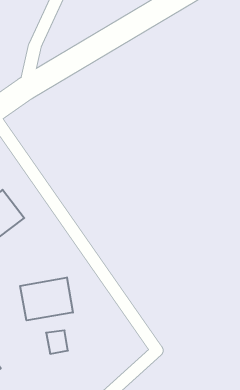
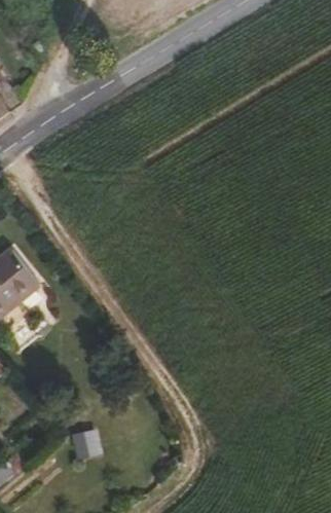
building: [20,277,73,320] -> none

